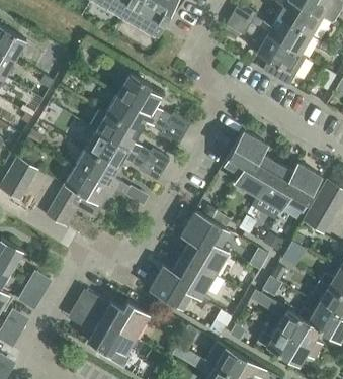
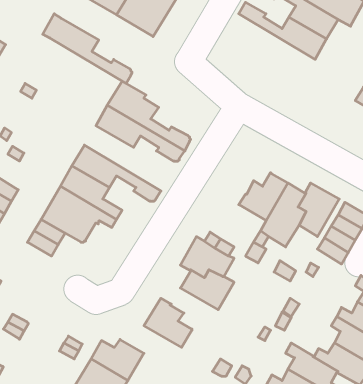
building: [225,13,306,85] -> none
building: [90,108,169,170] -> [43,14,132,83]
building: [223,130,267,173] -> none
building: [172,256,215,298] -> none

